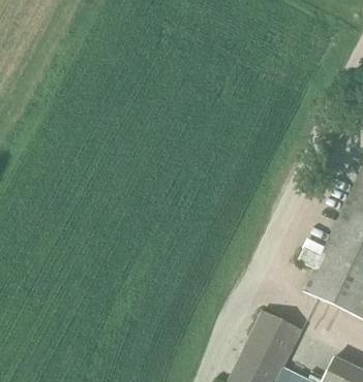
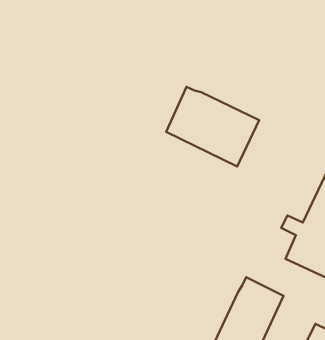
building: none -> [166,87,259,167]

